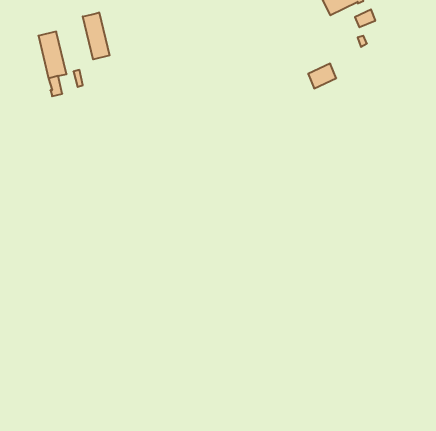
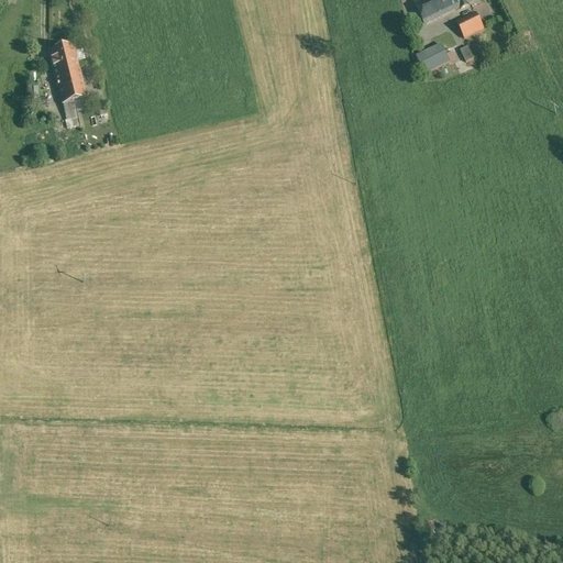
building: [83,12,110,59] -> none
building: [308,64,336,88] -> [416,42,452,74]

